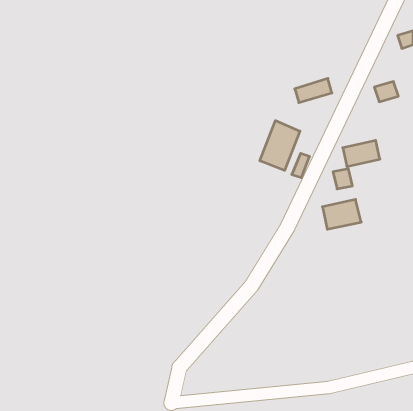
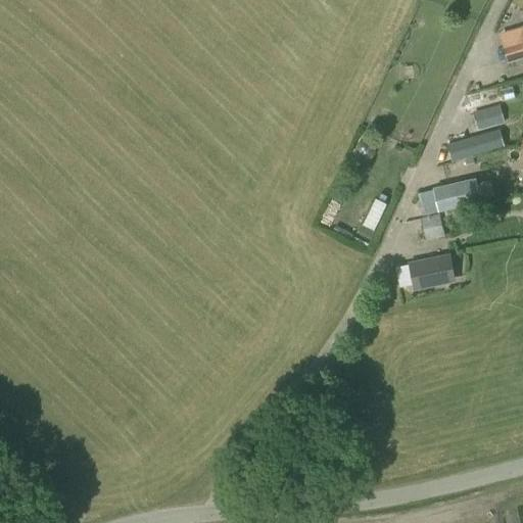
building: [295,78,332,103] -> [447,130,494,160]
building: [260,121,300,170] -> none

